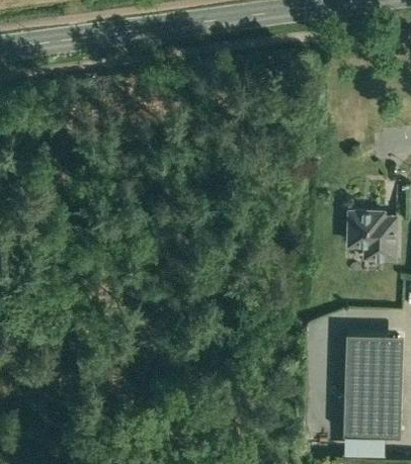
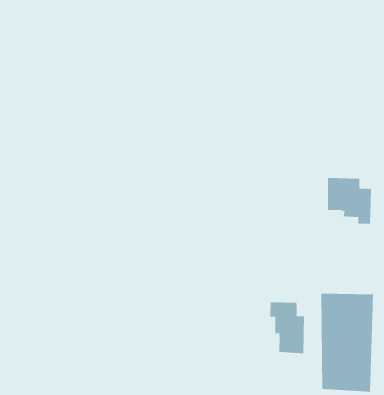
building: none -> [270,302,304,354]

